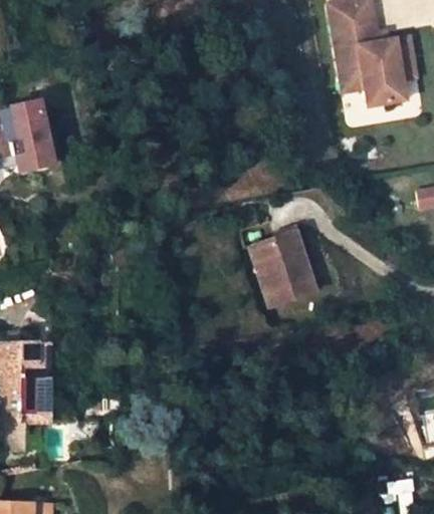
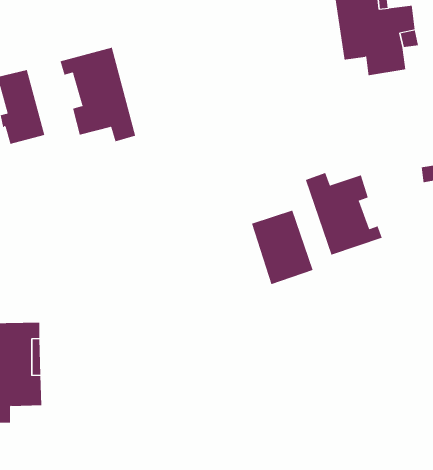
building: none -> [60,47,136,142]
building: none -> [305,172,382,256]

